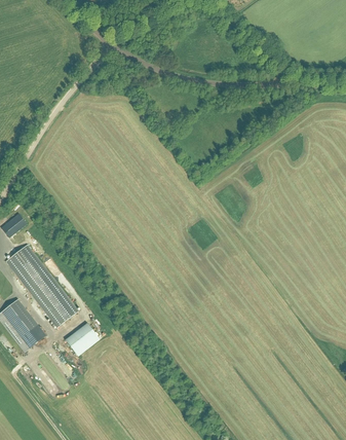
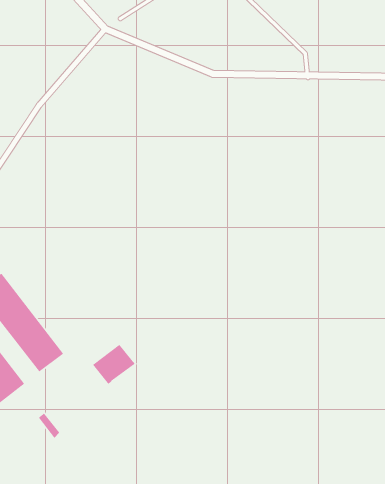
building: [65,321,101,355] -> [92,344,136,385]

